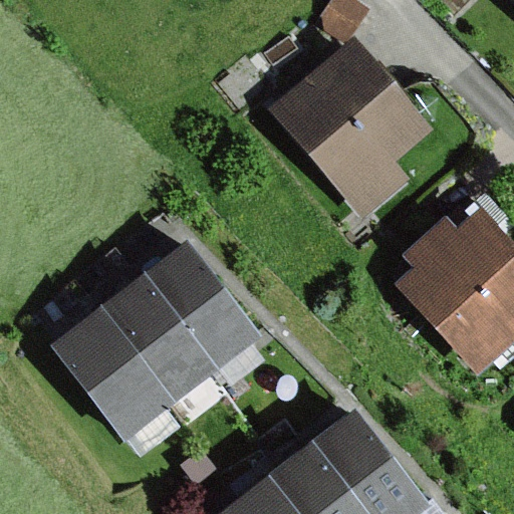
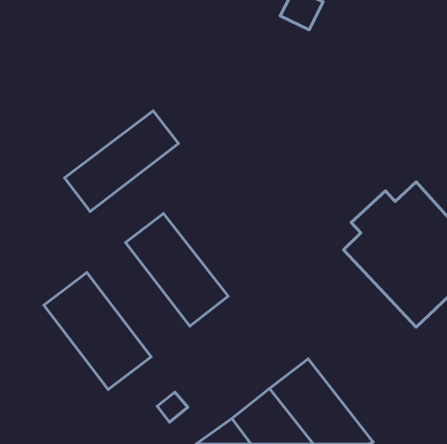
building: [271,36,430,215] -> none
building: none -> [64,111,178,212]
building: [101,277,219,408] -> none

